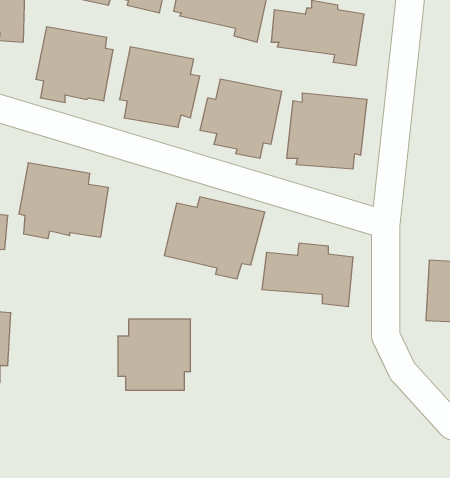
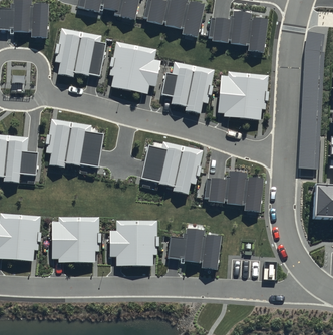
building: none -> [50,215,98,261]
building: none -> [163,227,220,269]

